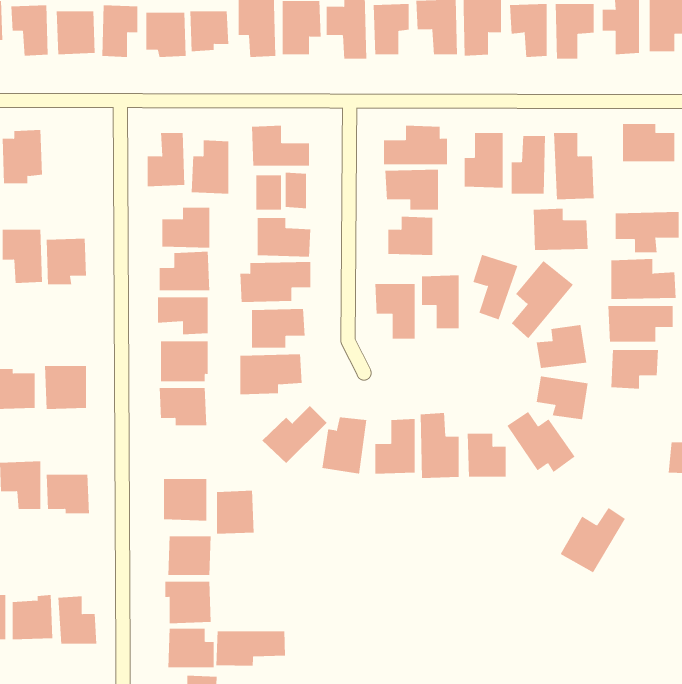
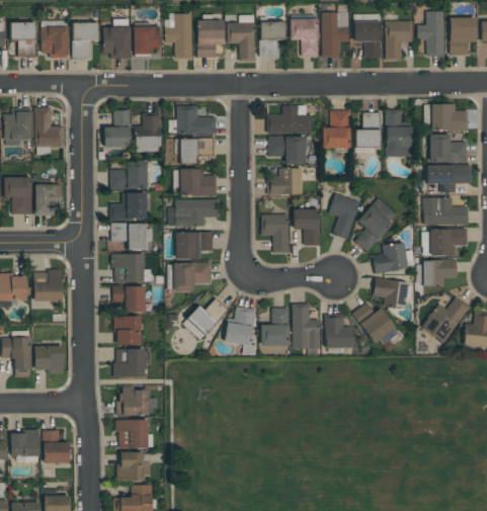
building: none -> [35,107,63,147]
building: [533,208,589,251] -> [429,134,468,163]
building: [216,490,254,534] -> [115,316,142,346]
building: [560,507,626,573] -> [422,296,468,342]
building: [216,630,286,667] -> none

